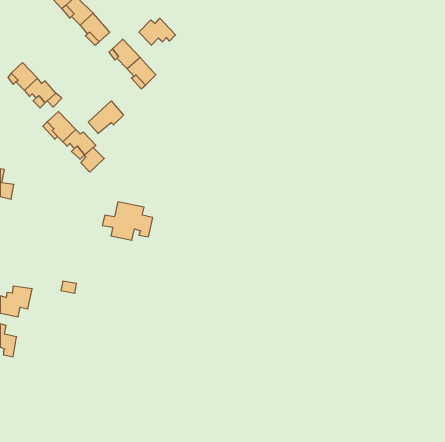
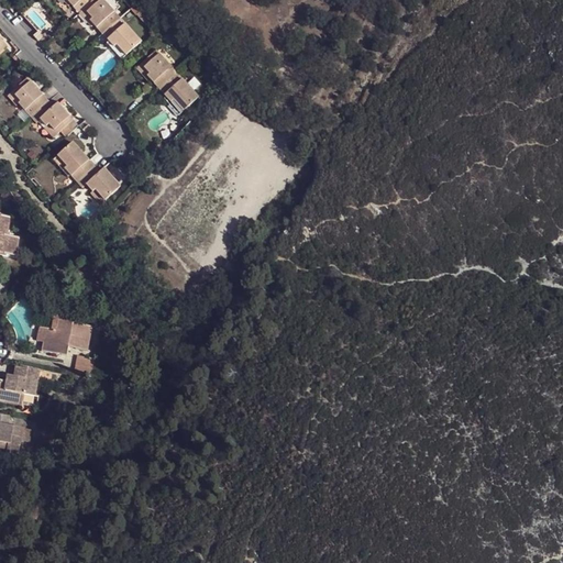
building: [139,18,176,45] -> none
building: [88,101,123,134] -> none
building: [81,148,104,172] -> none
building: [102,202,153,240] -> [31,307,95,355]

